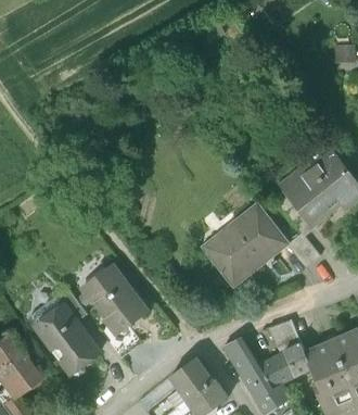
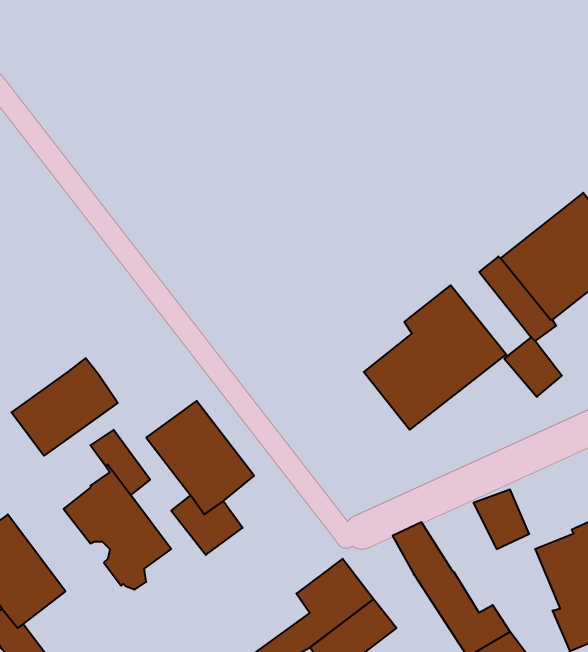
building: none -> [11,358,118,456]
building: [259,343,311,388] -> none

